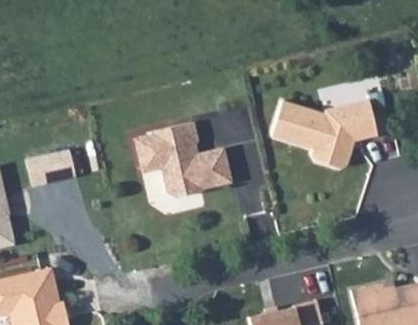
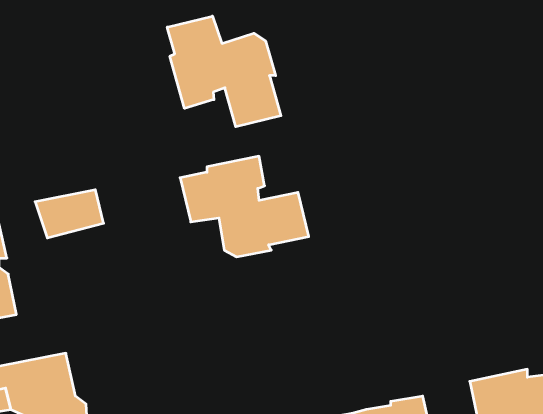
building: none -> [167,16,281,127]
building: [273,101,380,170] -> none

